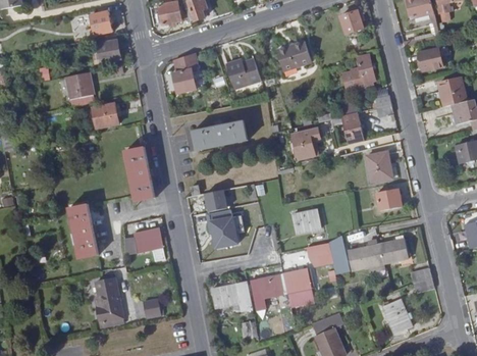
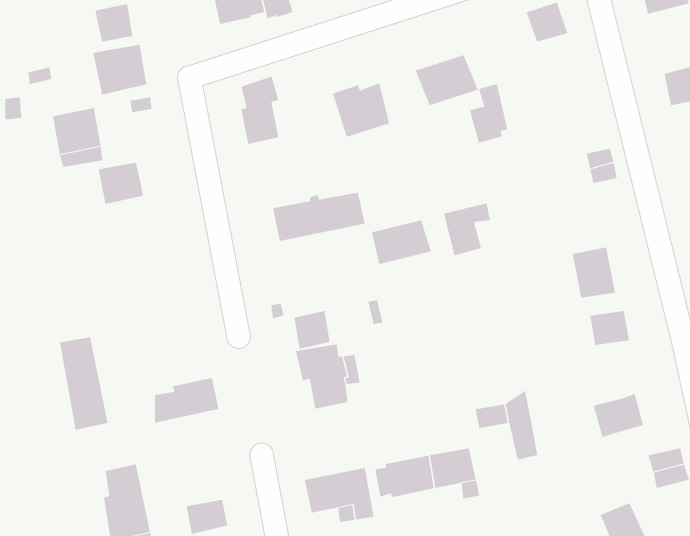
building: [352,53,374,88] -> [469,84,508,144]
building: [341,114,363,144] -> none
building: none -> [371,219,431,265]
building: [125,147,154,200] -> none
building: [290,209,318,233] -> none
building: [347,244,383,271] -> none

